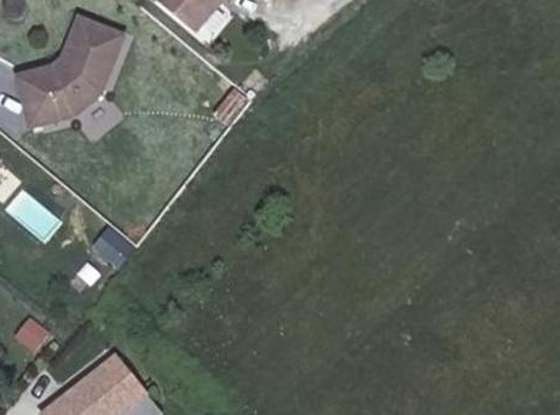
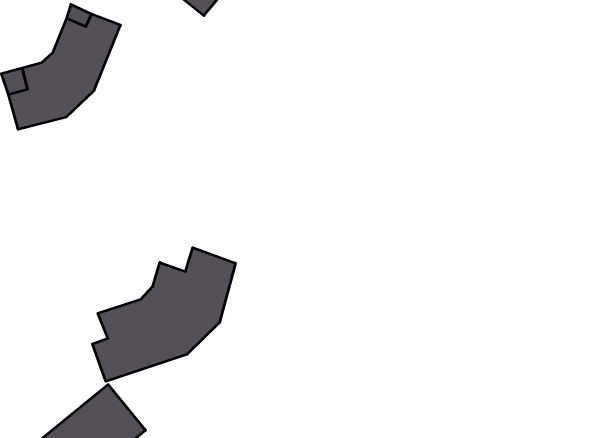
building: none -> [92,248,235,381]

